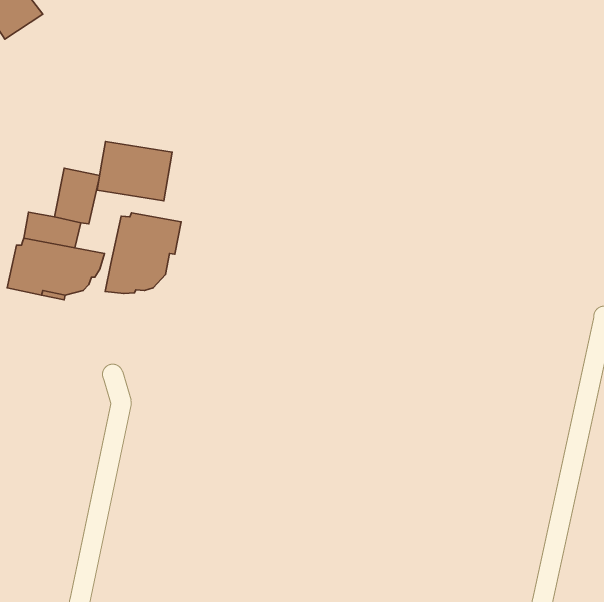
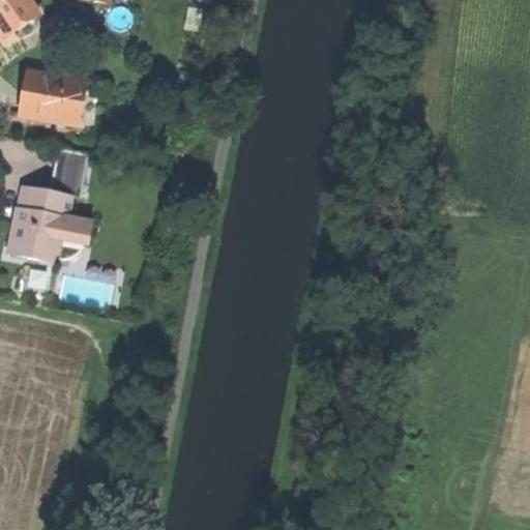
building: [97,142,172,201] -> [19,70,84,122]
building: [105,213,181,294] -> none

